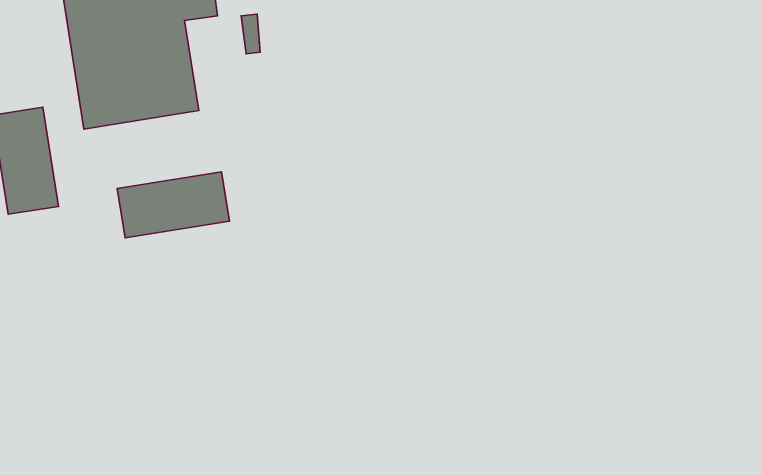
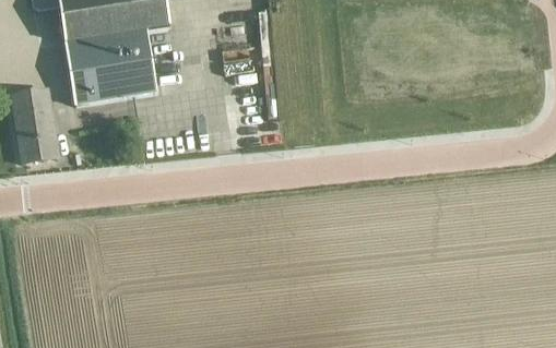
building: [117,172,229,238] -> none

